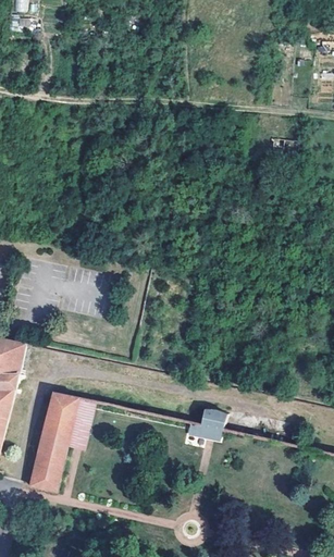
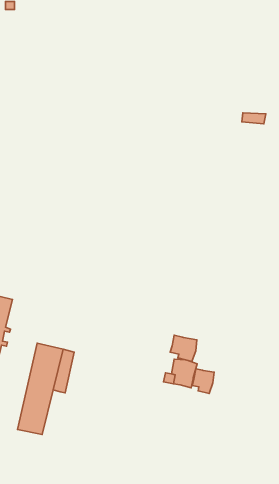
building: none -> [170,335,197,361]
building: none -> [192,369,214,394]

